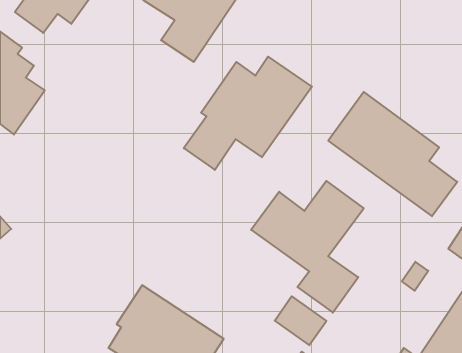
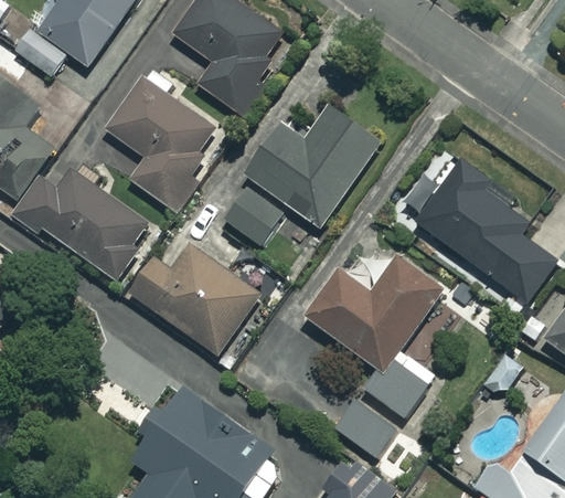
building: none -> [102,64,212,213]
building: none -> [30,166,151,278]
building: none -> [130,244,263,354]

